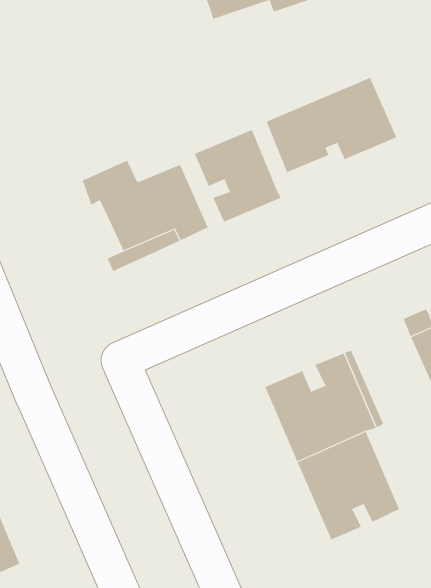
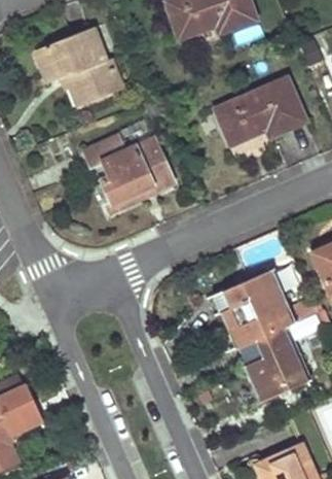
building: none -> [35,36,122,105]
building: [194,129,282,223] -> none

